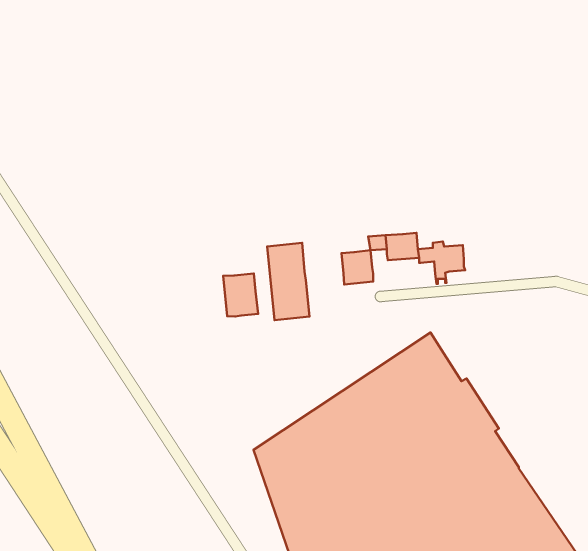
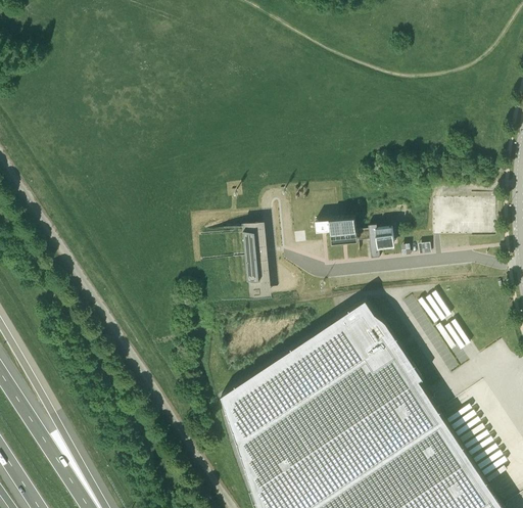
building: [341,250,373,284] -> none
building: [223,273,258,316] -> none

